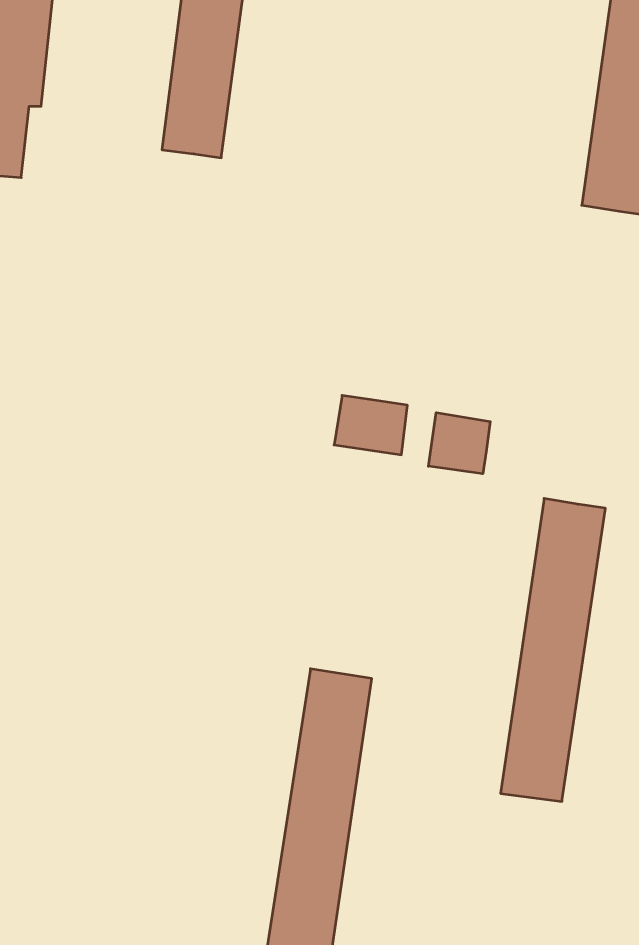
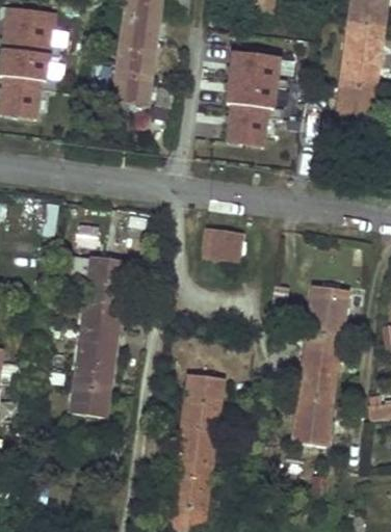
building: none -> [227,53,282,145]
building: [428,413,490,474] -> none
building: none -> [71,256,126,417]

